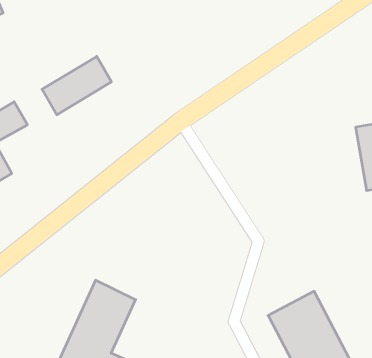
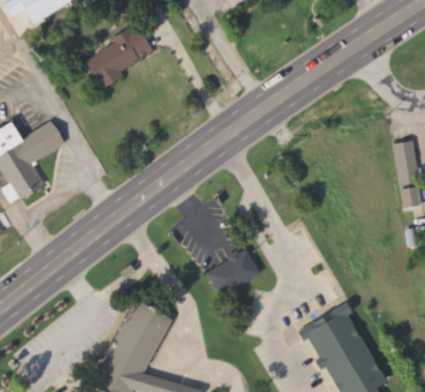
building: [42,56,111,115] -> [86,25,155,83]
building: none -> [205,248,261,298]

